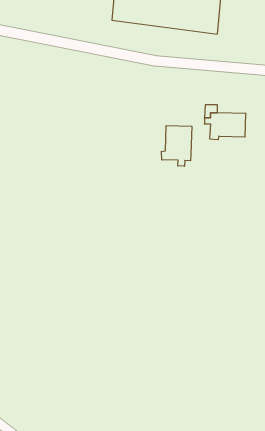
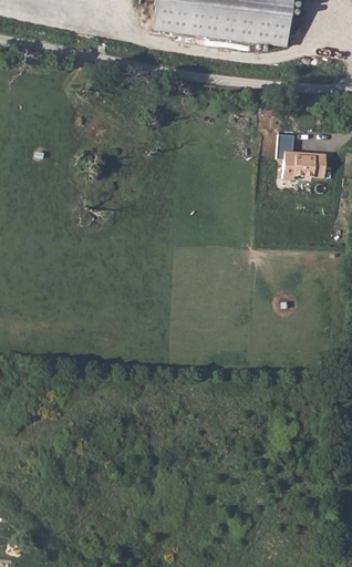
building: [161,126,192,166] -> none

